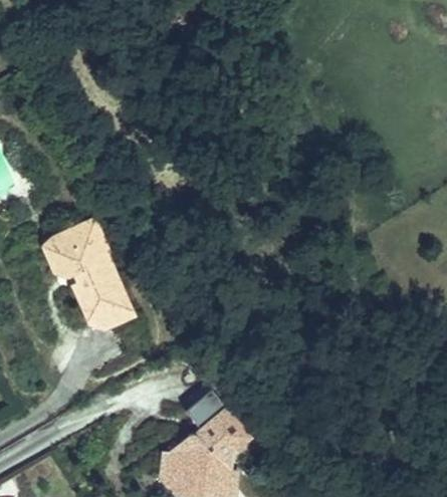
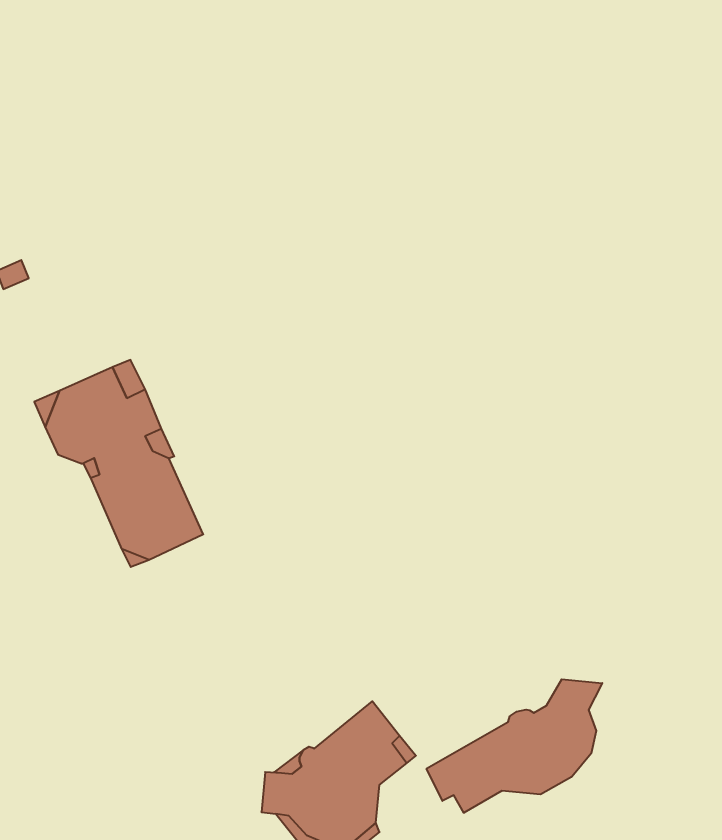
building: none -> [427,679,602,813]

